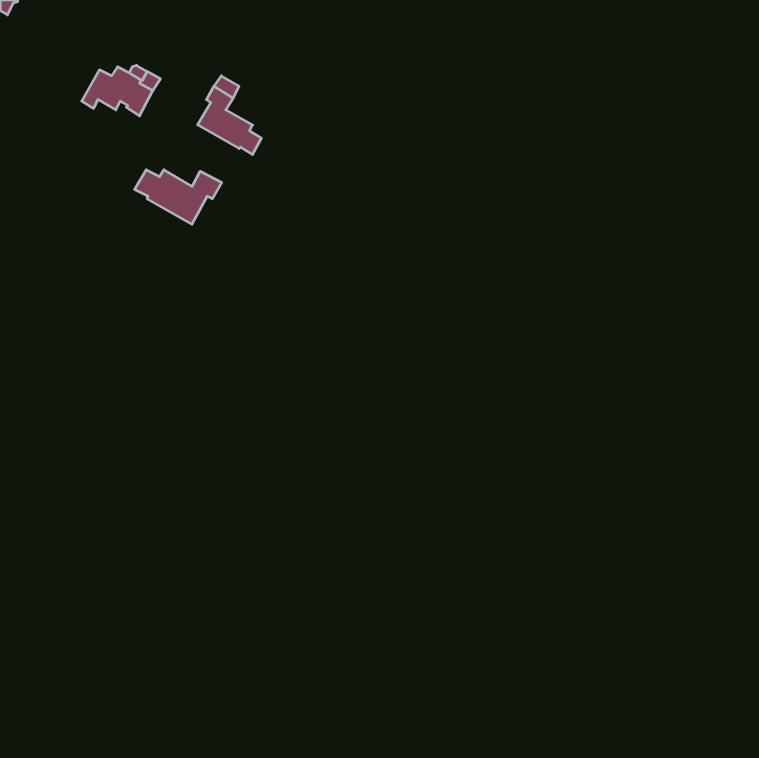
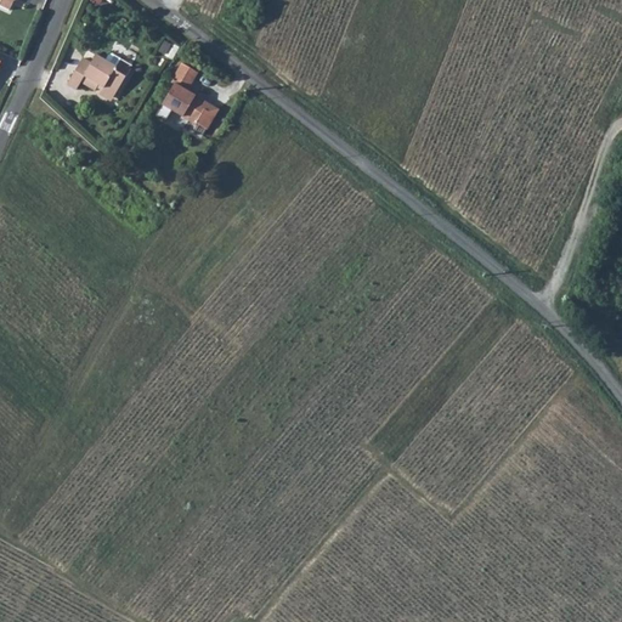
building: [135,170,222,224] -> none

